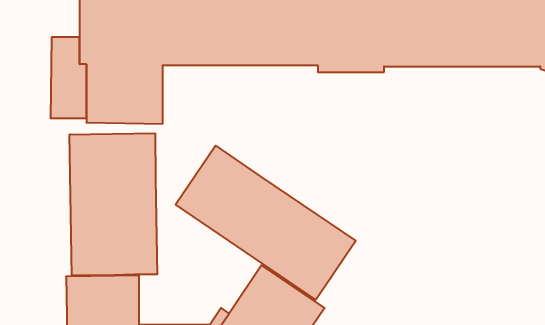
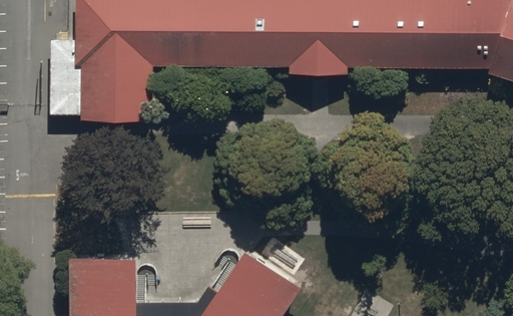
building: [70,133,157,276] -> none
building: [176,146,356,300] -> none

